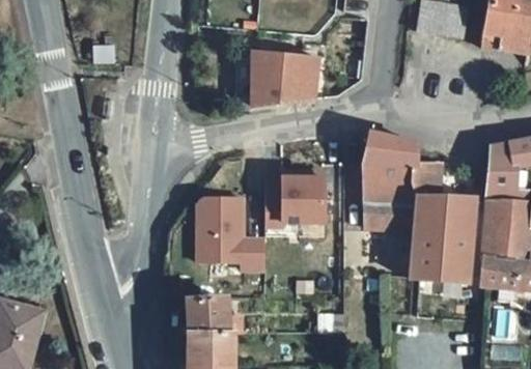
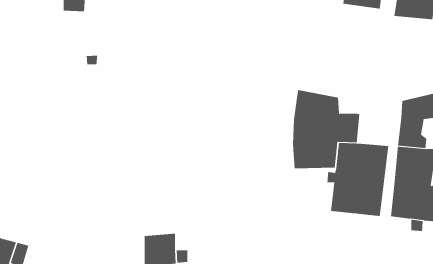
building: [251,52,318,105] -> none
building: [263,168,325,233] -> none
building: [198,200,263,271] -> none

